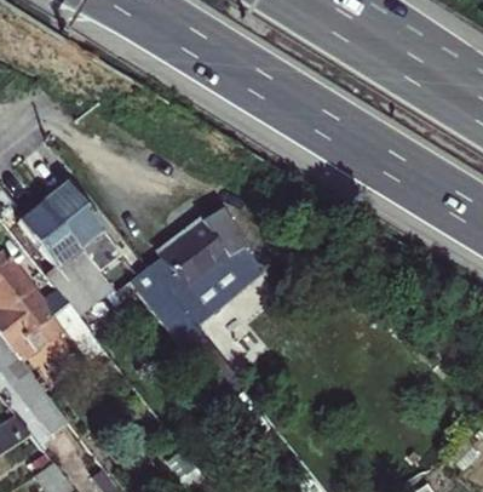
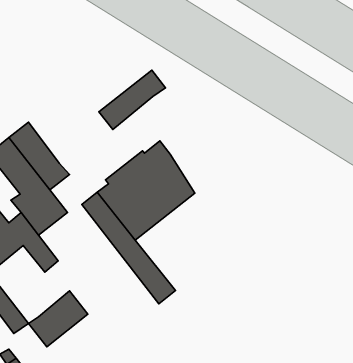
building: none -> [99,70,166,129]
building: none -> [28,291,88,347]

